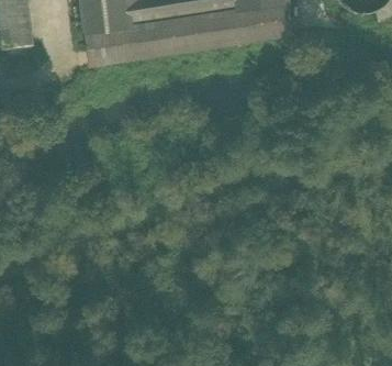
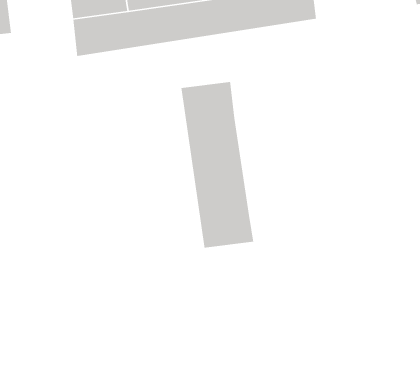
building: none -> [181,81,254,248]

